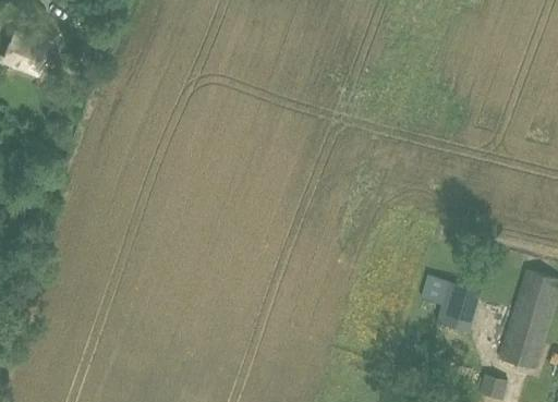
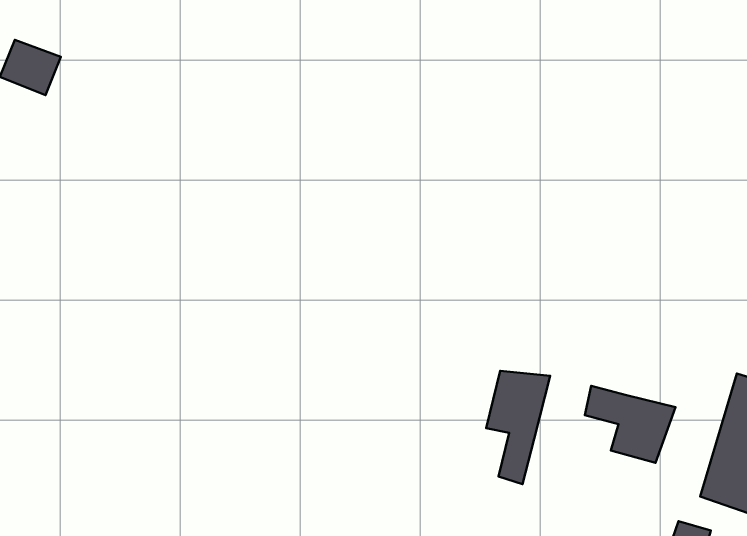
building: none -> [486,371,550,484]

